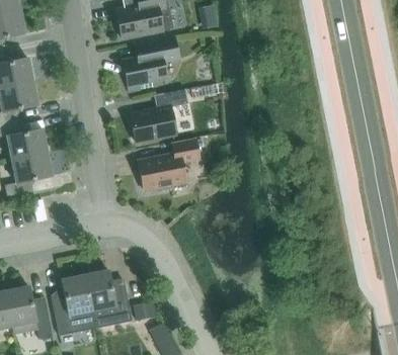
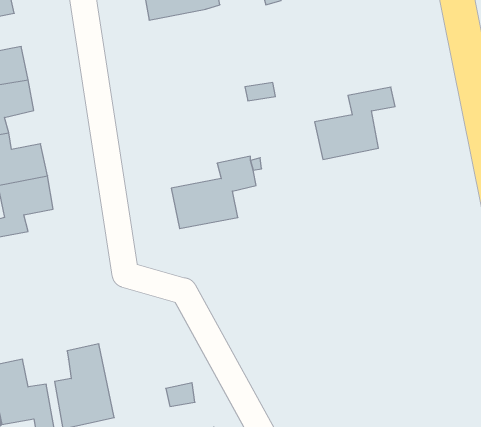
building: [123,36,178,91] -> none
building: [130,89,188,142] -> [315,87,395,159]
building: [85,269,133,328] -> none

